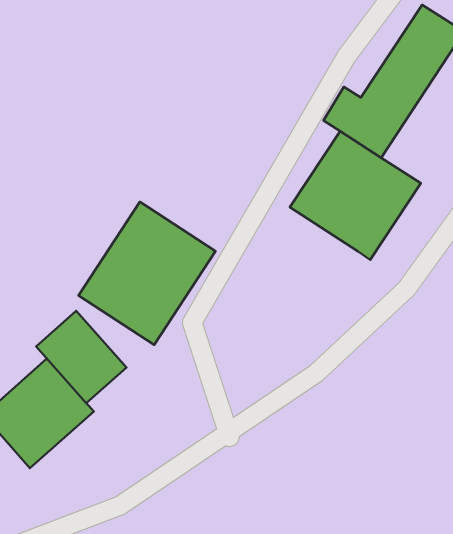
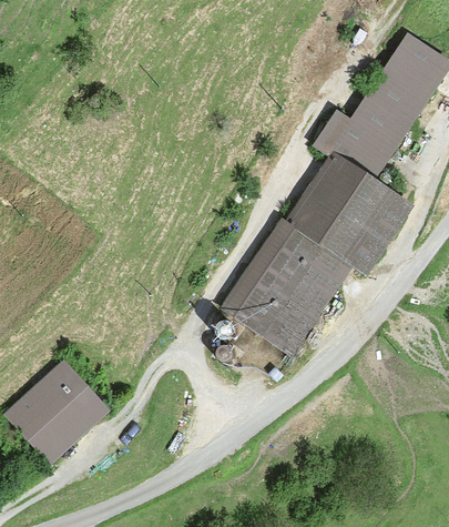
building: [79,202,216,345] -> [225,219,351,351]
building: [36,311,126,403] -> none

